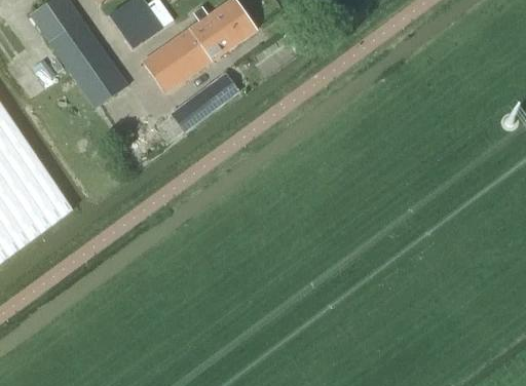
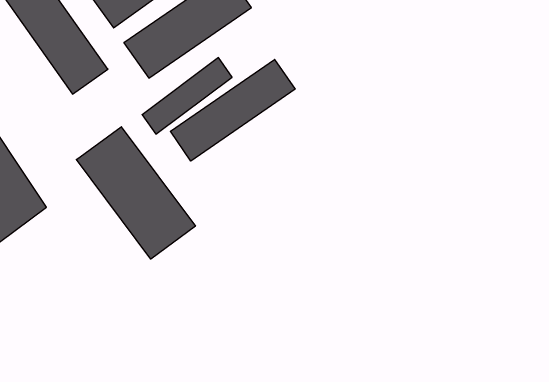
building: none -> [170,59,295,161]
building: none -> [76,127,195,259]

